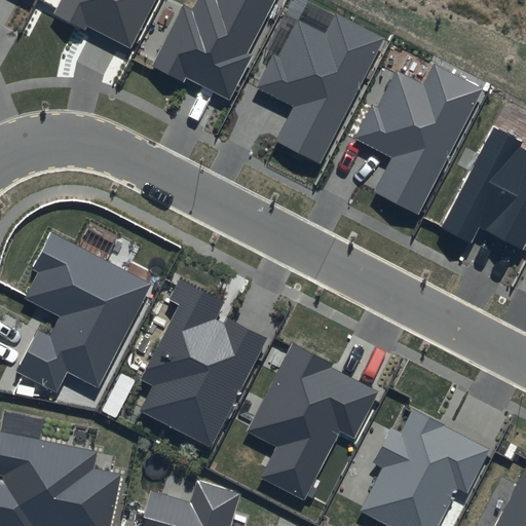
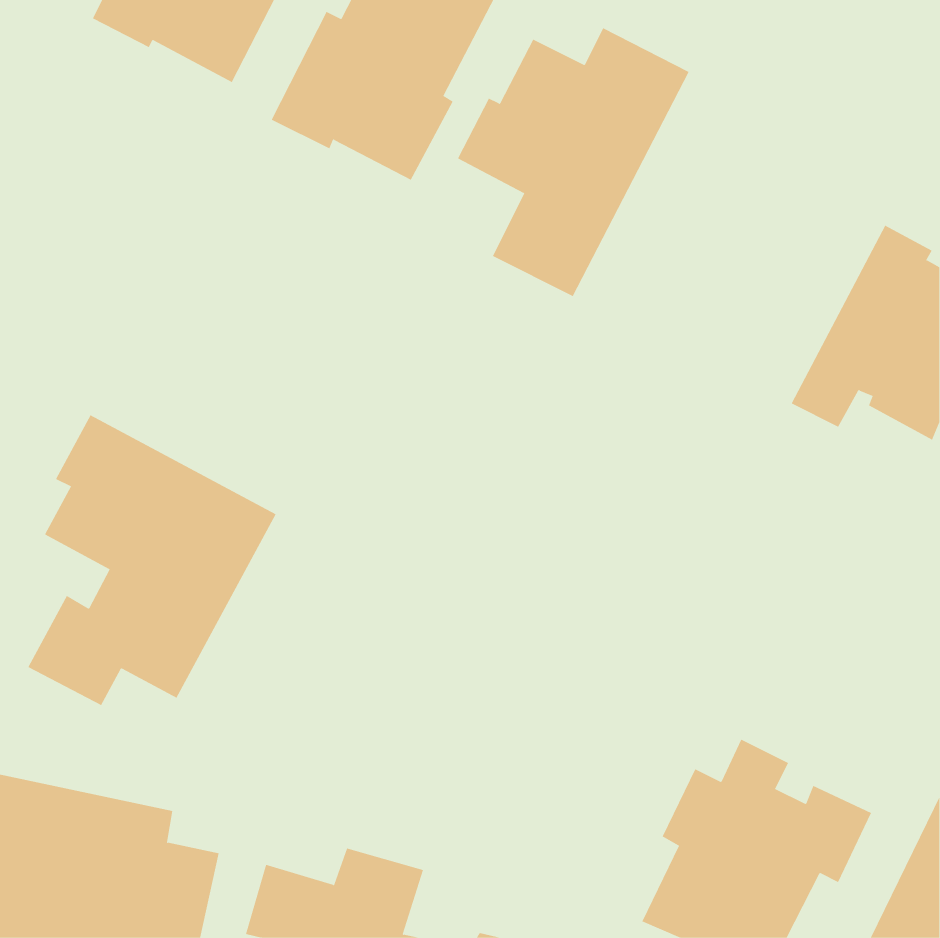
building: [355,64,486,215] -> none
building: [140,279,269,451] -> none
building: [247,346,381,502] -> none

